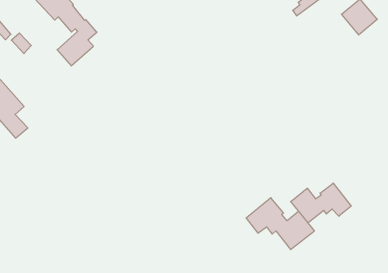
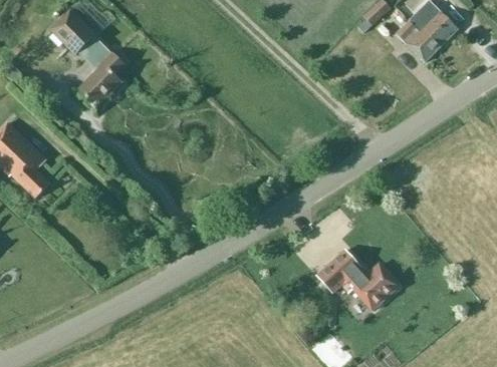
building: none -> [397,20,438,61]
building: [291,183,351,223] -> none

